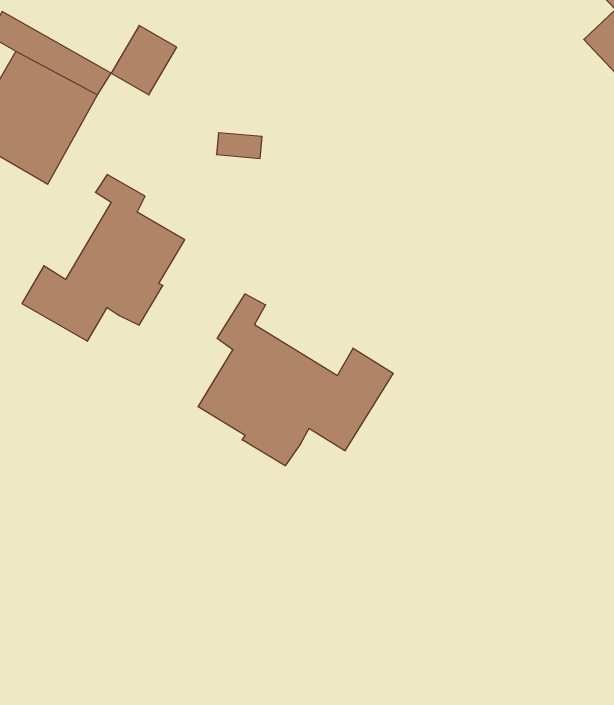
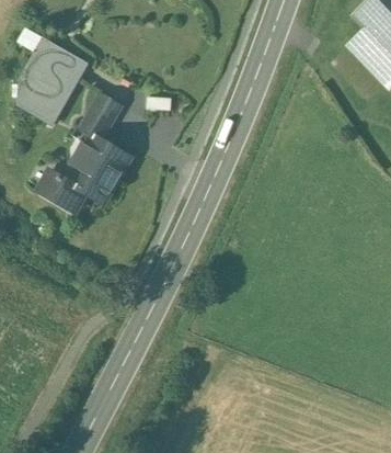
building: [111,25,177,95] -> [85,92,122,131]
building: [198,294,393,466] -> none

